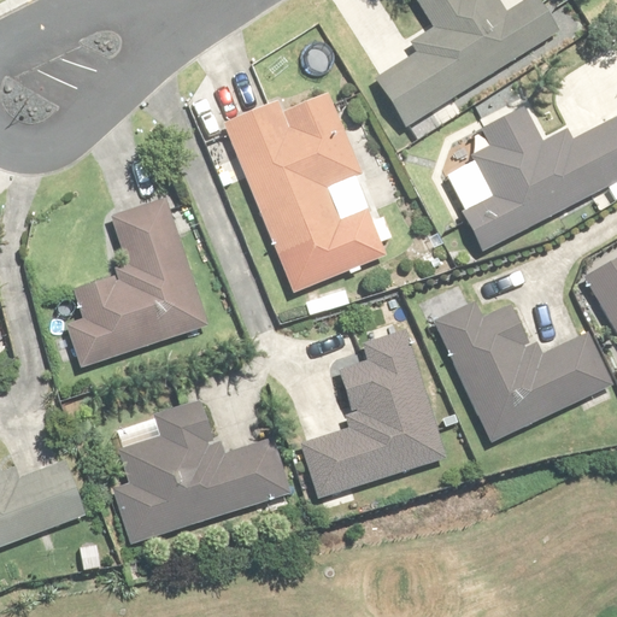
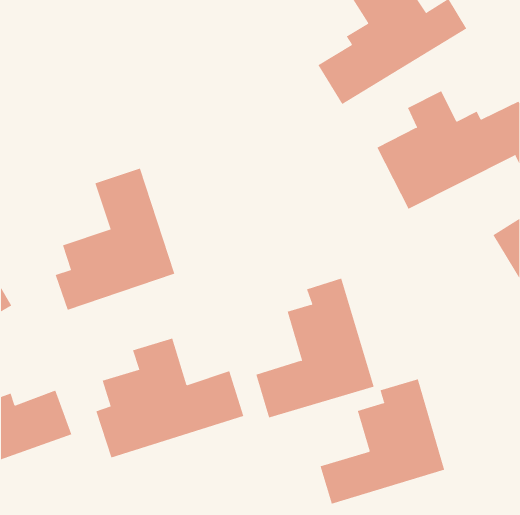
building: [225,93,382,292] -> none
building: [437,294,609,440] -> none
building: none -> [320,379,445,504]

